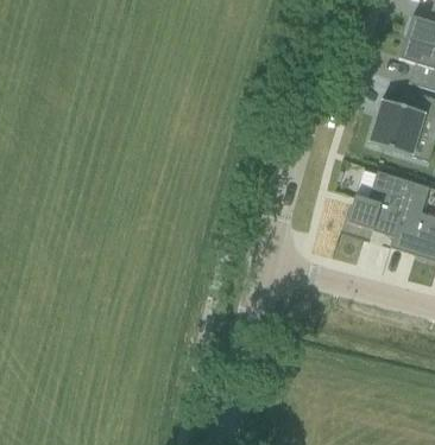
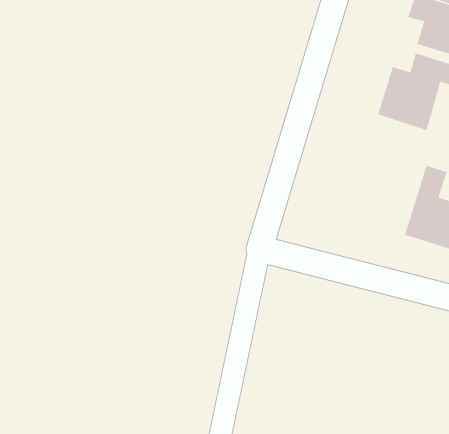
building: [346,183,408,246] -> none

